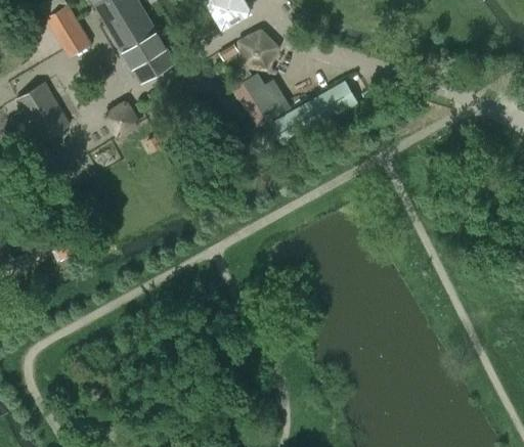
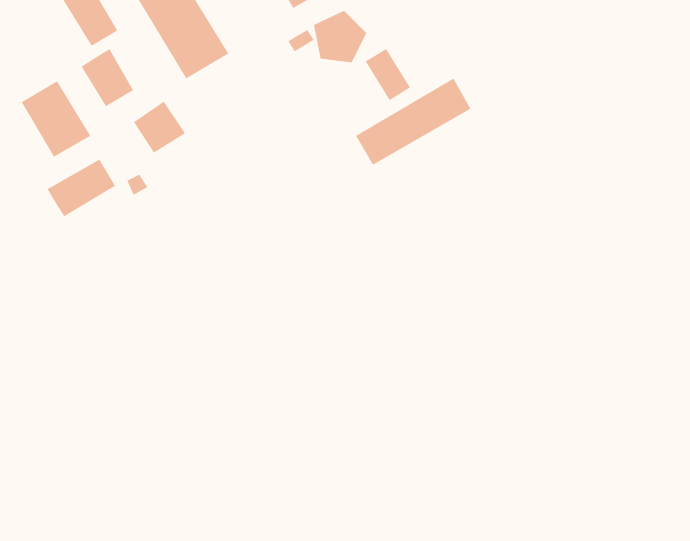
building: none -> [81,48,134,107]
building: [243,72,277,111] -> [365,48,411,101]
building: none -> [47,159,116,217]

